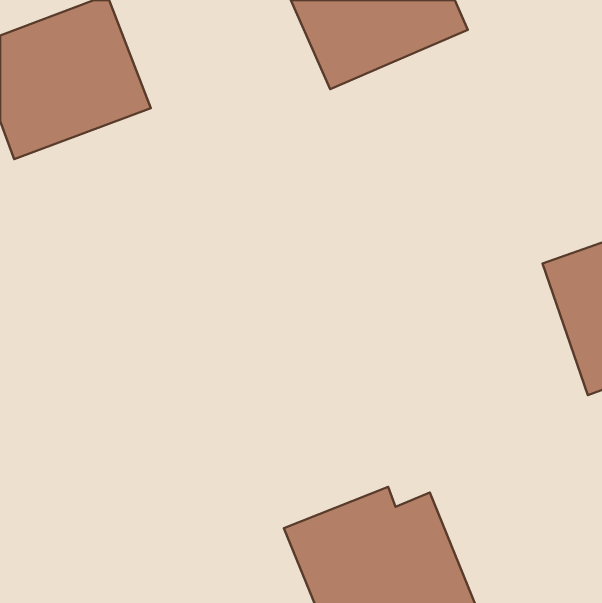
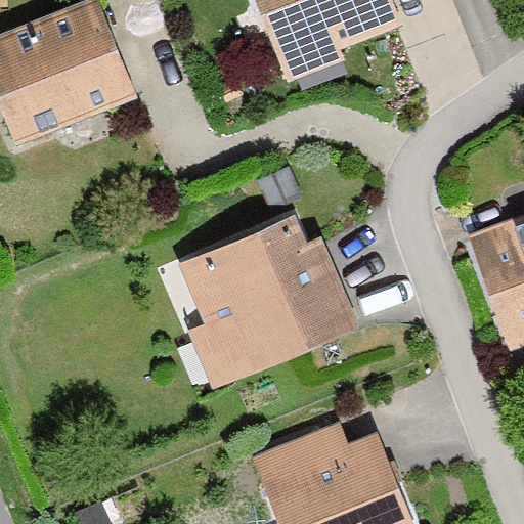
building: none -> [179,212,357,387]

